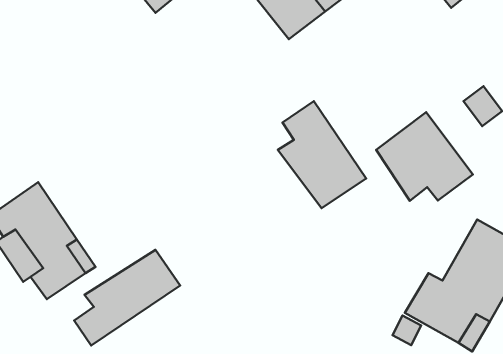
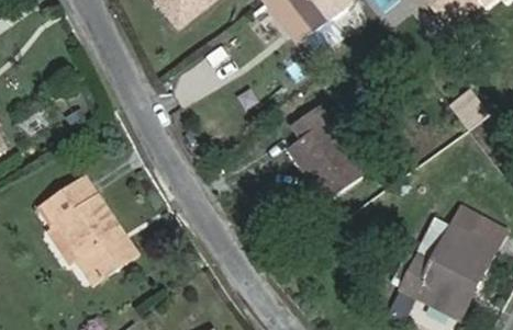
building: [376,112,473,201] -> none
building: [74,250,180,346] -> none

